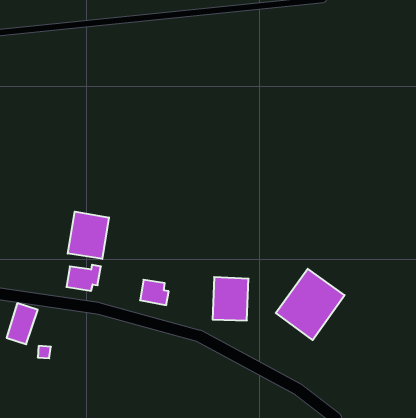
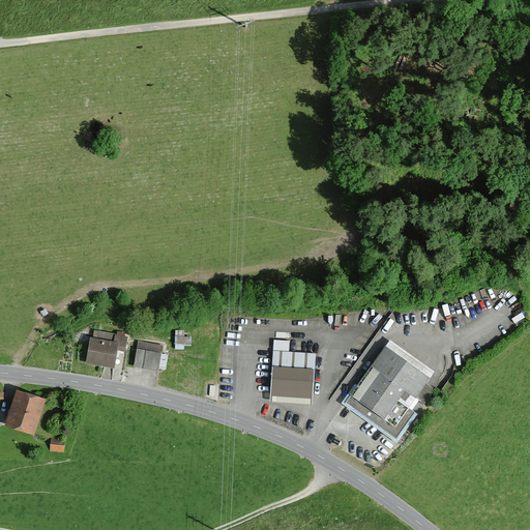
building: [68,212,109,259] -> none
building: [140,280,169,305] -> [131,340,168,372]

